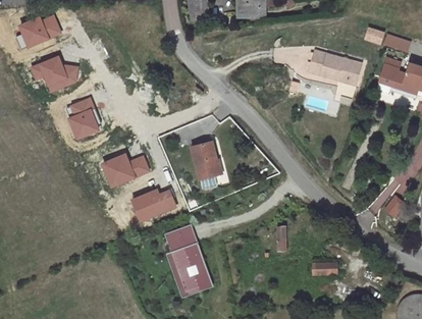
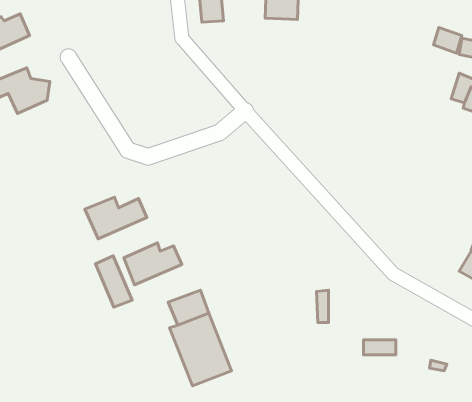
building: [307,48,360,83] -> none
building: [68,99,99,139] -> none
building: [192,142,219,176] -> none
building: none -> [96,256,132,307]

